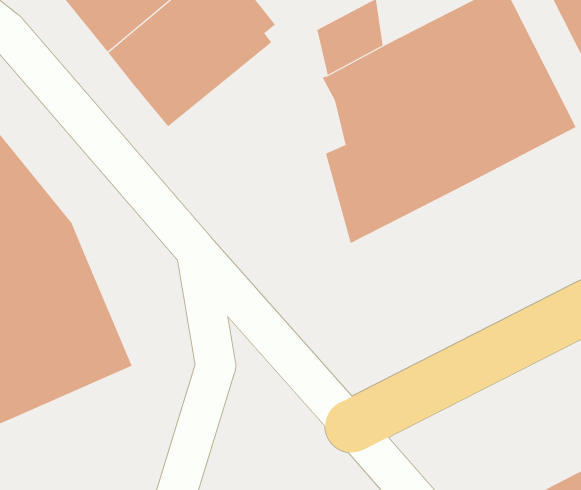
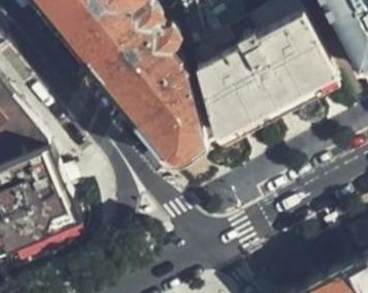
building: none -> [100,31,206,161]

